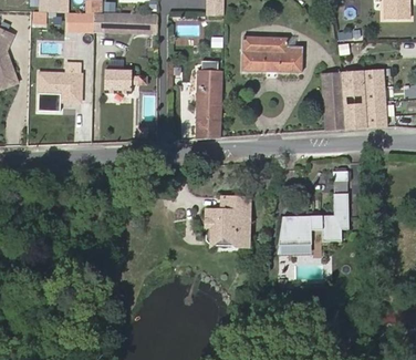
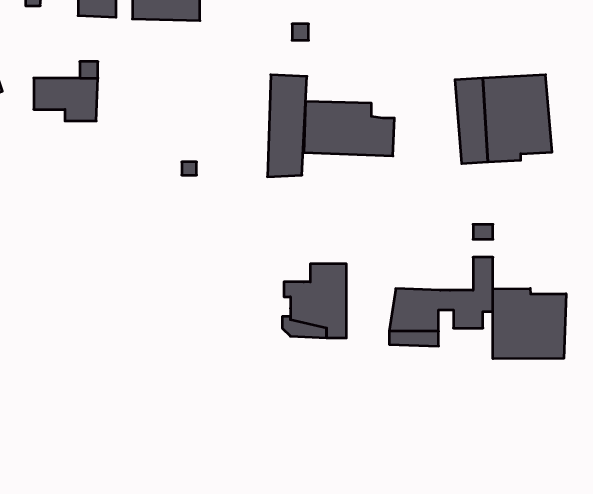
building: [242,35,303,72] -> [304,102,394,156]
building: [104,69,147,93] -> none
building: none -> [493,288,566,359]

